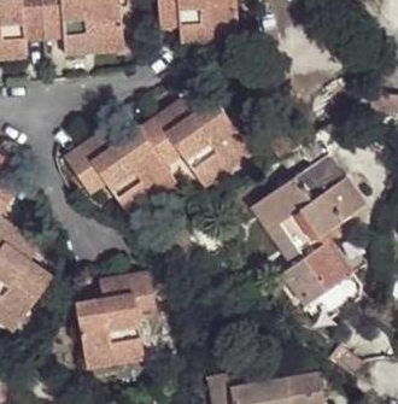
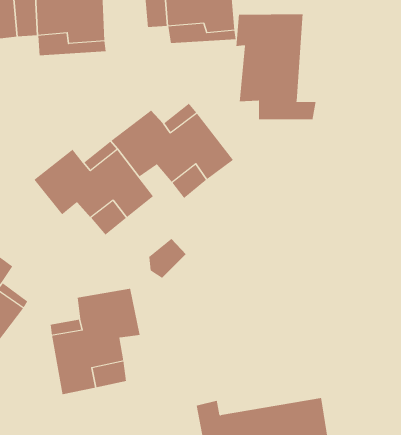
building: none -> [236,14,316,120]
building: [250,150,364,304] -> none

